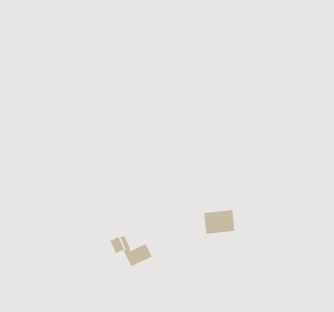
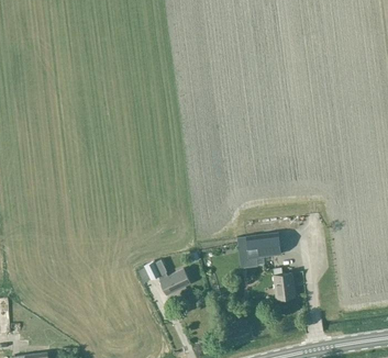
building: none -> [273,270,296,302]

